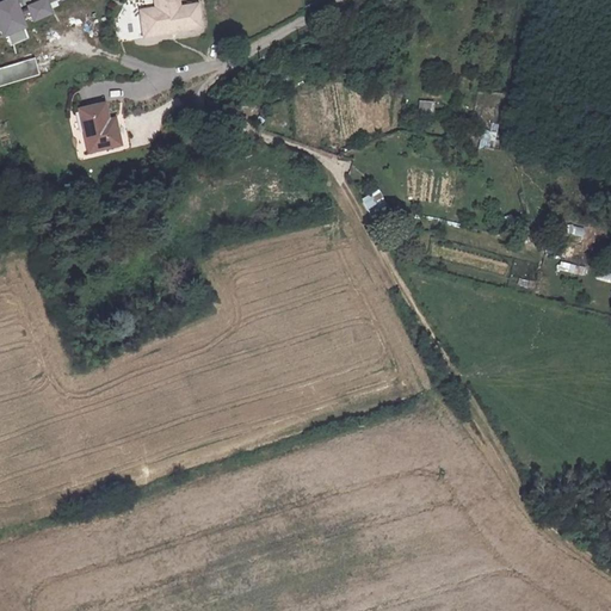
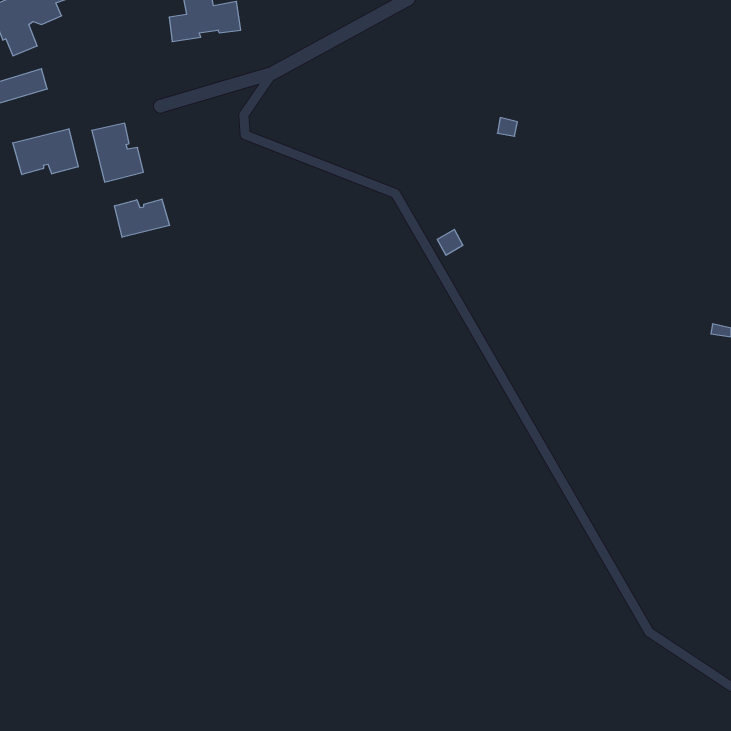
building: none -> [13,129,78,175]
building: none -> [115,199,170,237]

